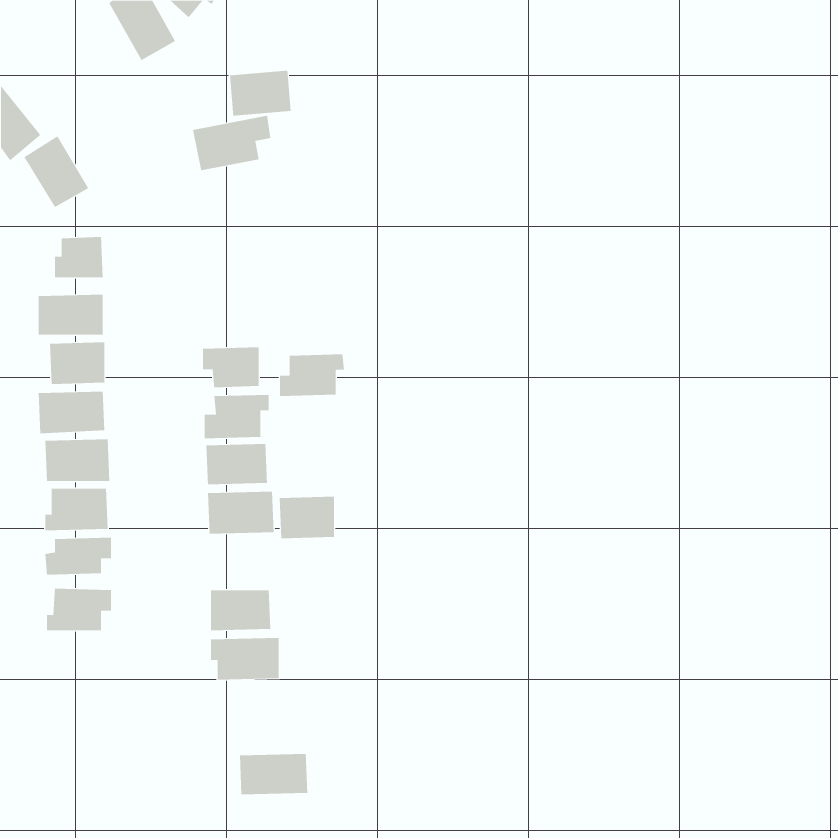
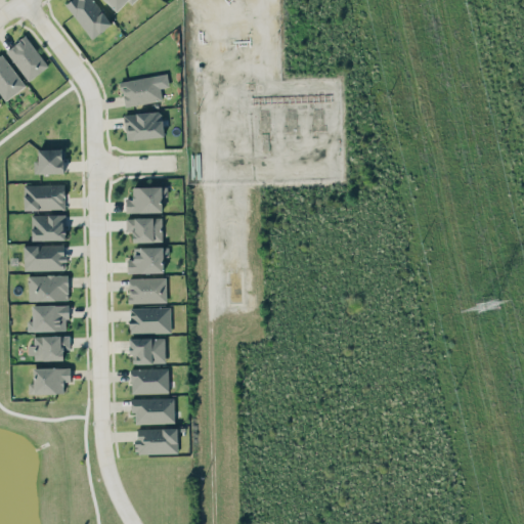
building: [229,70,292,116] -> [125,112,164,140]
building: [23,136,89,208] -> [7,36,48,81]
building: [279,354,345,396] -> [127,186,168,213]
building: [279,496,335,539] -> [131,338,166,364]
building: [239,754,308,795] -> [136,428,179,453]

